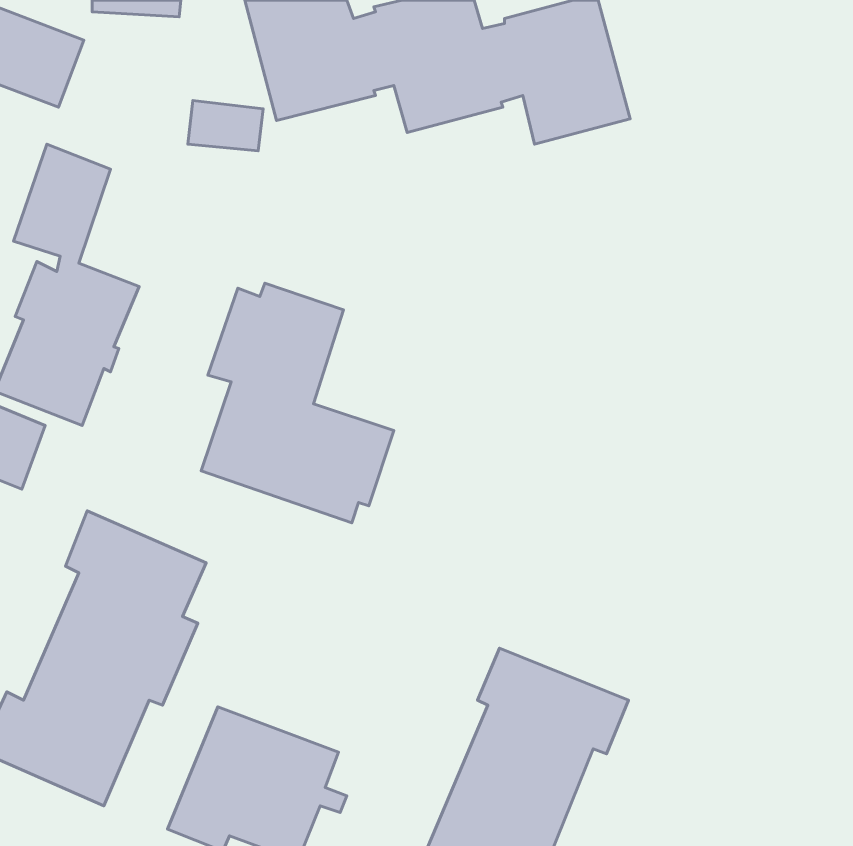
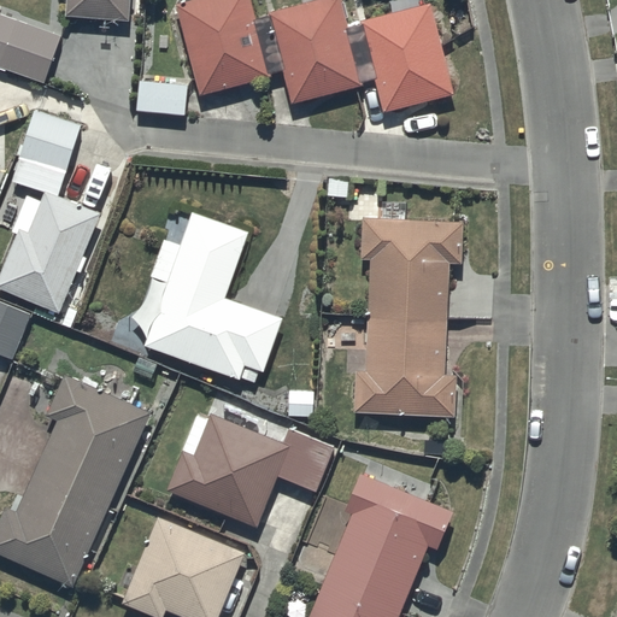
building: none -> [354,218,463,416]
building: none -> [168,413,334,527]

